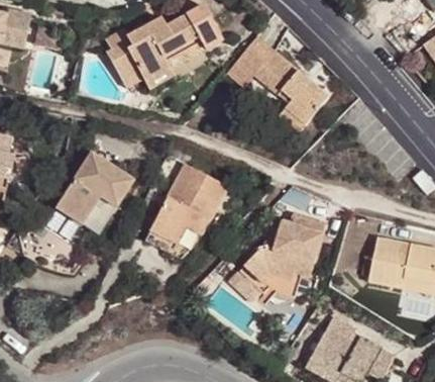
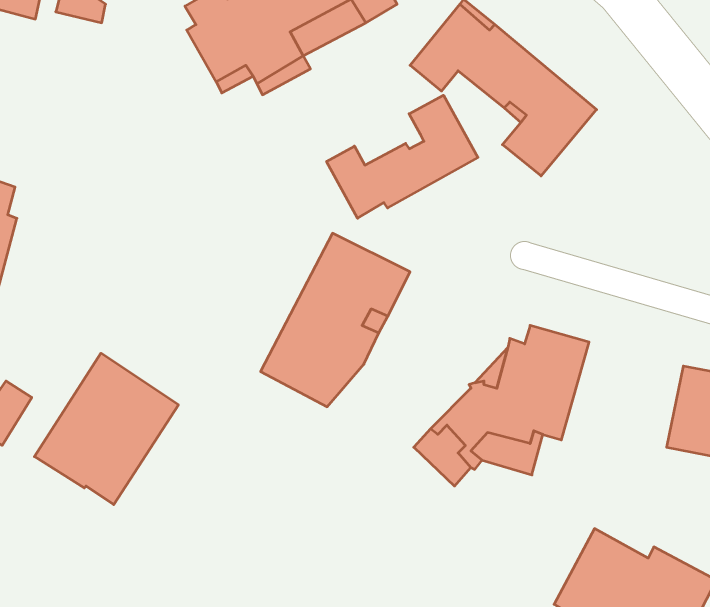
building: none -> [327,95,478,218]
building: [52,151,131,233] -> [34,353,178,505]

